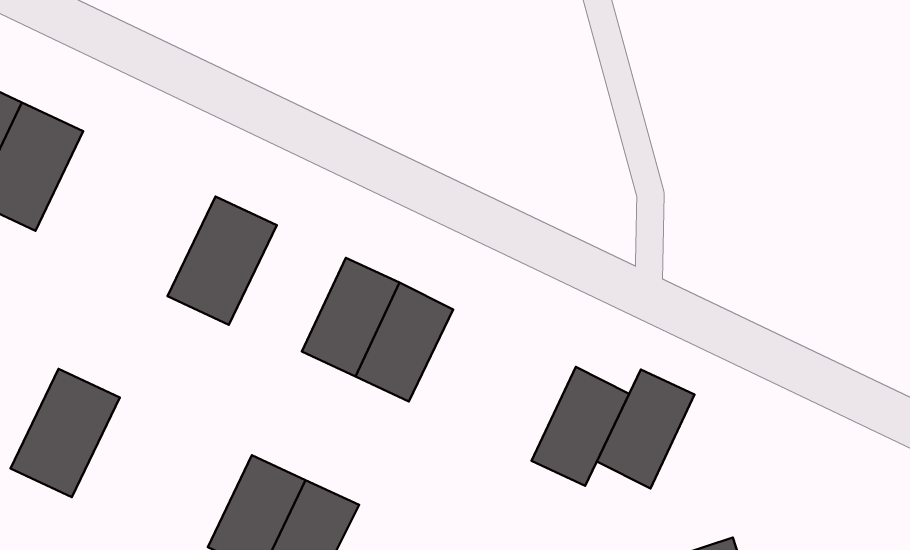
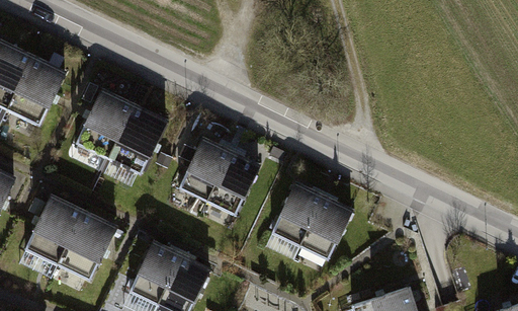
building: none -> [76,90,134,159]
building: [597,370,695,488] -> [272,183,324,246]
building: none -> [58,213,115,281]

